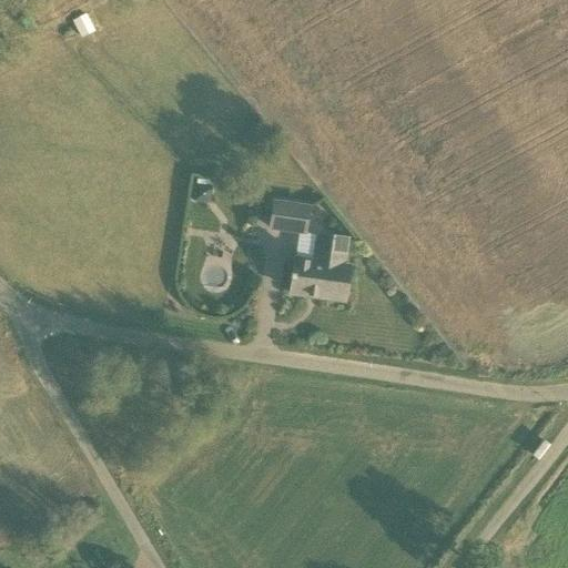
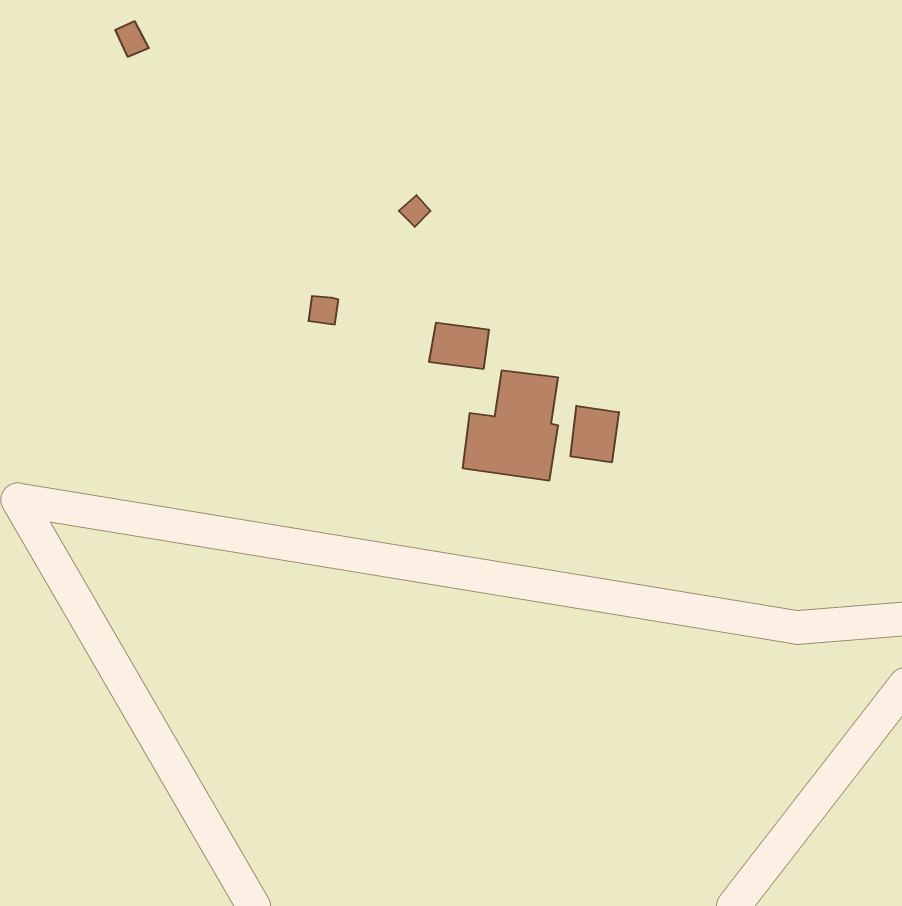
building: none -> [571,406,619,462]

